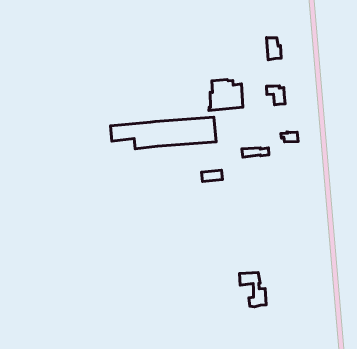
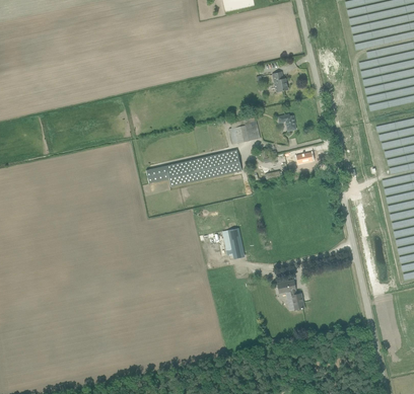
building: none -> [223,228,245,258]

